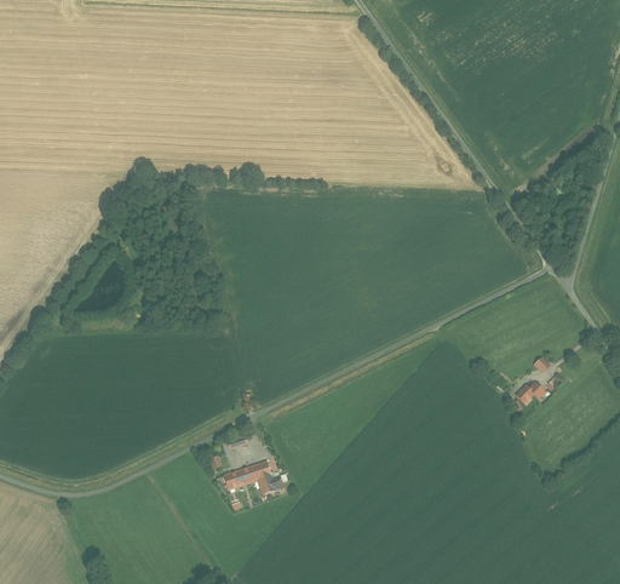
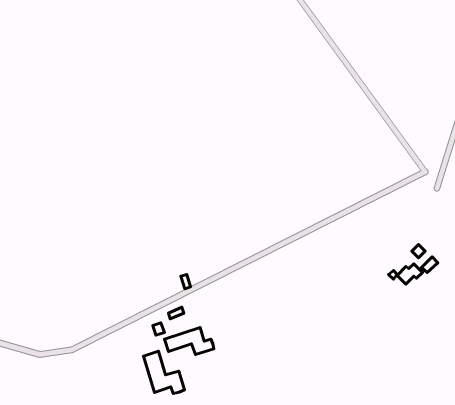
building: none -> [144,351,185,394]

